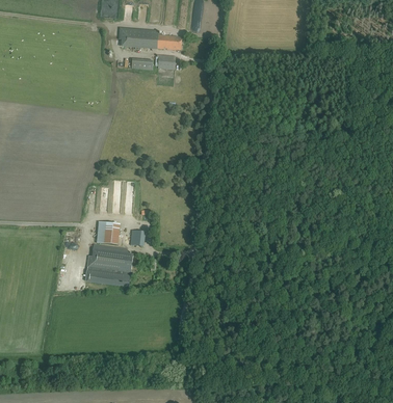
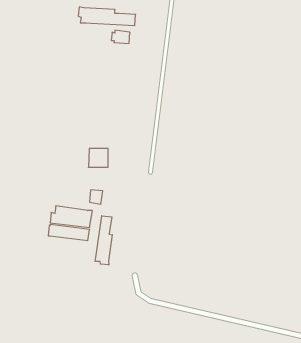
building: [98,219,120,240] -> [88,148,108,167]
building: none -> [95,216,112,265]

